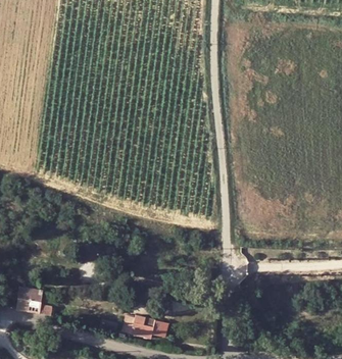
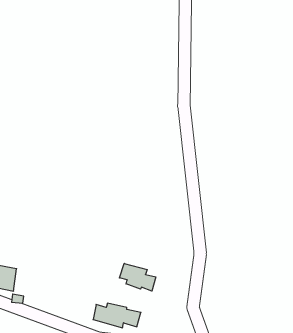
building: none -> [119,263,156,291]

